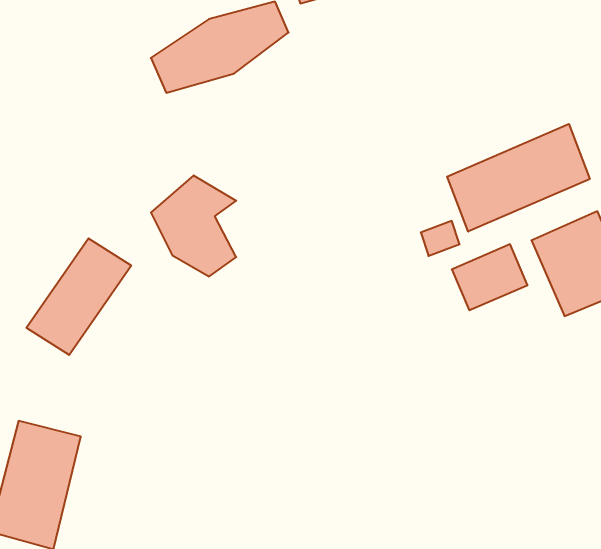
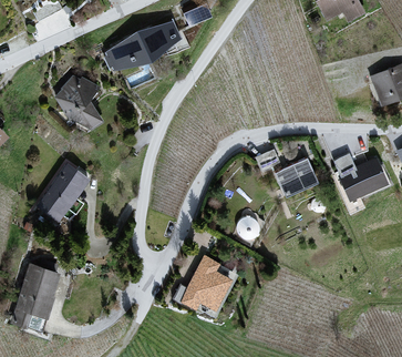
building: [447,124,590,232] -> none
building: [151,175,236,276] -> [54,73,103,131]
building: none -> [181,254,236,317]

